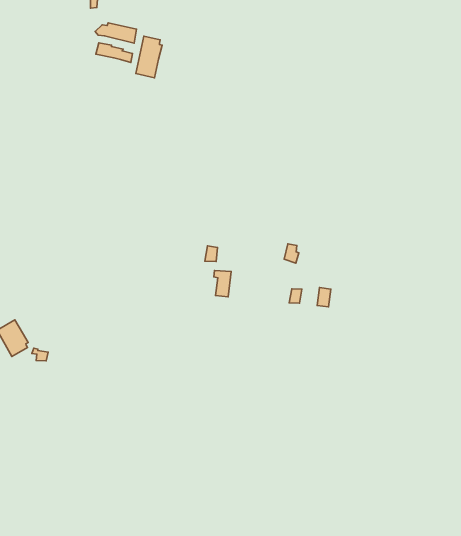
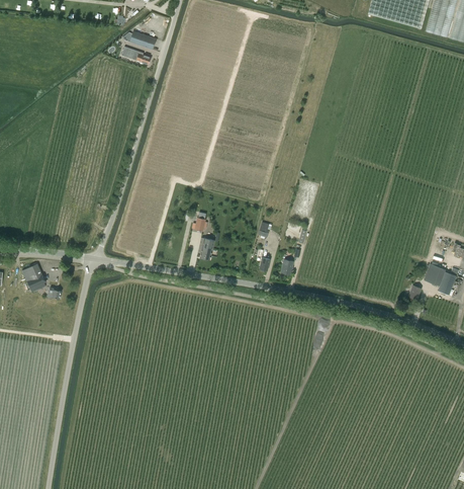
building: [136,36,162,78] -> none

